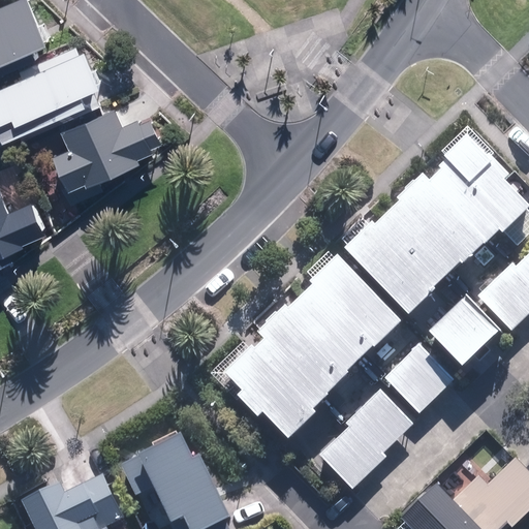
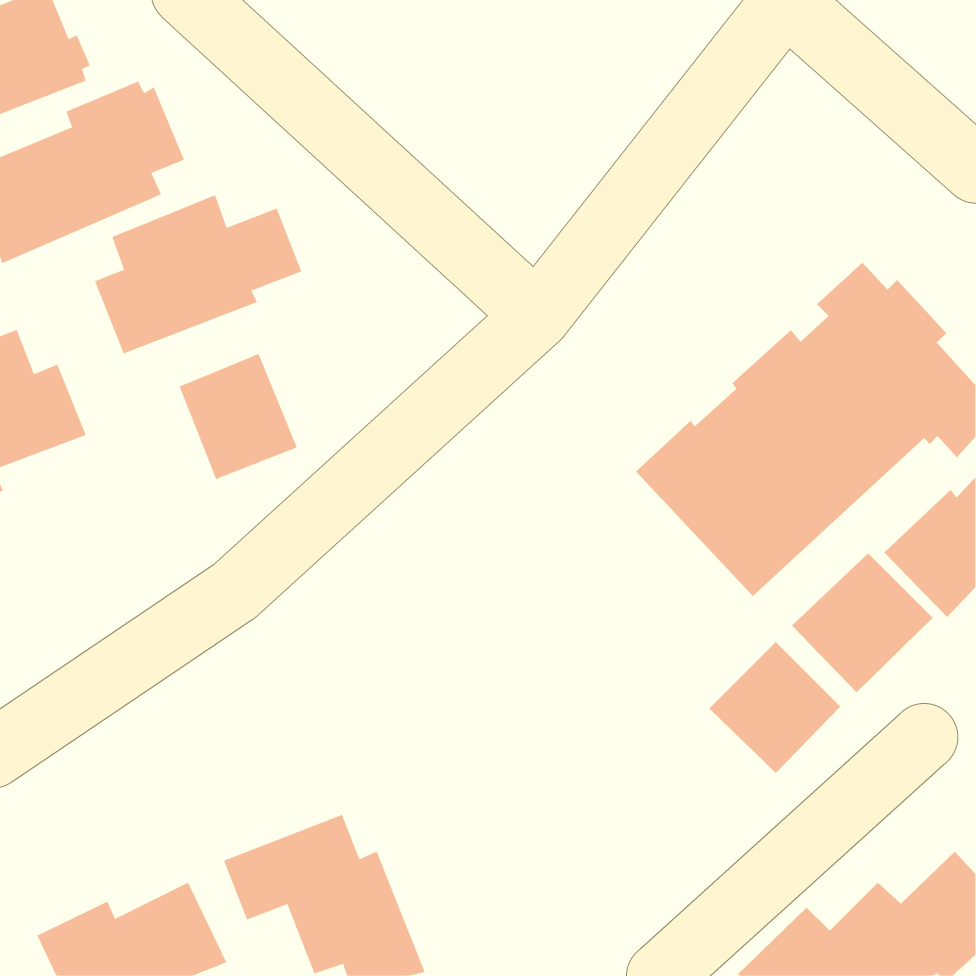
building: none -> [179,353,298,480]
building: [219,257,402,442] -> none
building: [316,388,412,491] -> none

